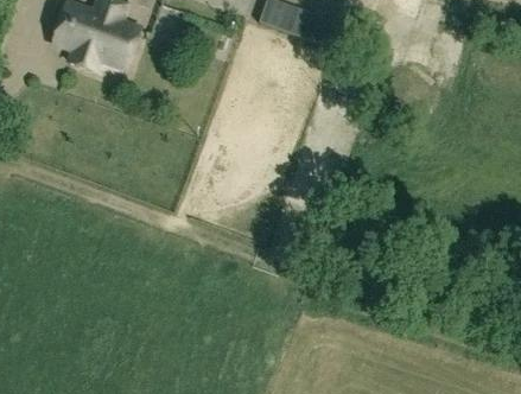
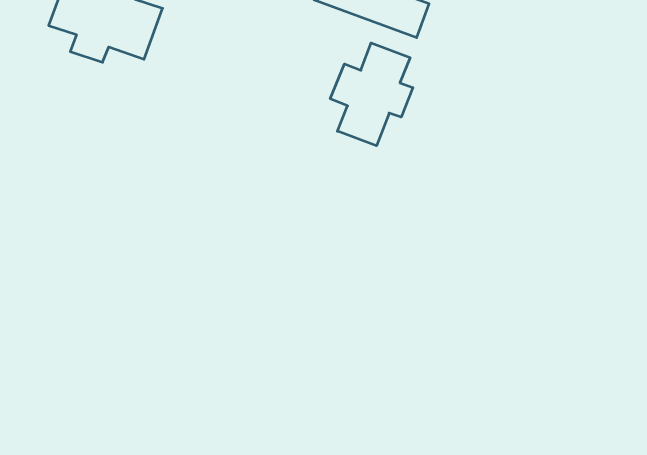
building: none -> [330,43,413,146]

